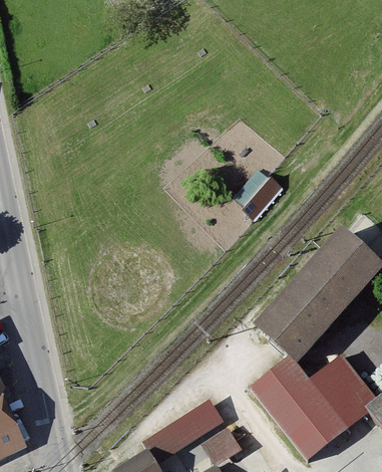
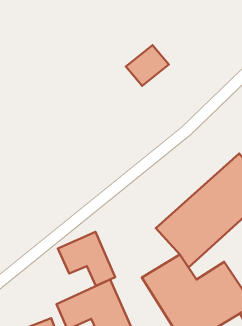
building: [229,164,279,213] -> [126,45,169,86]
building: none -> [58,232,115,286]

